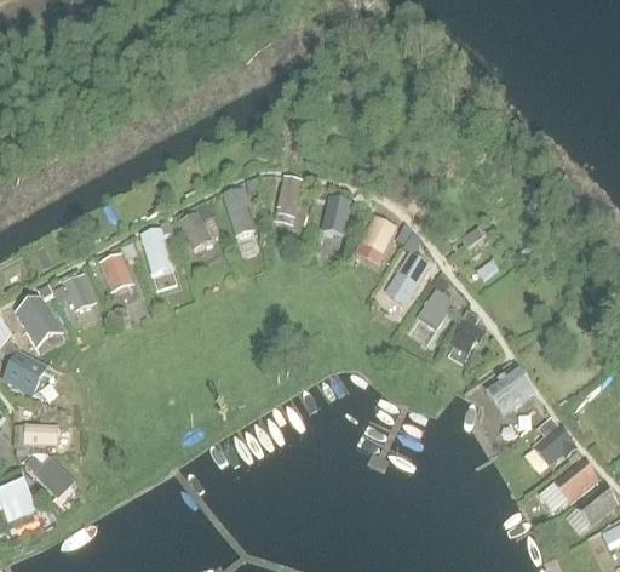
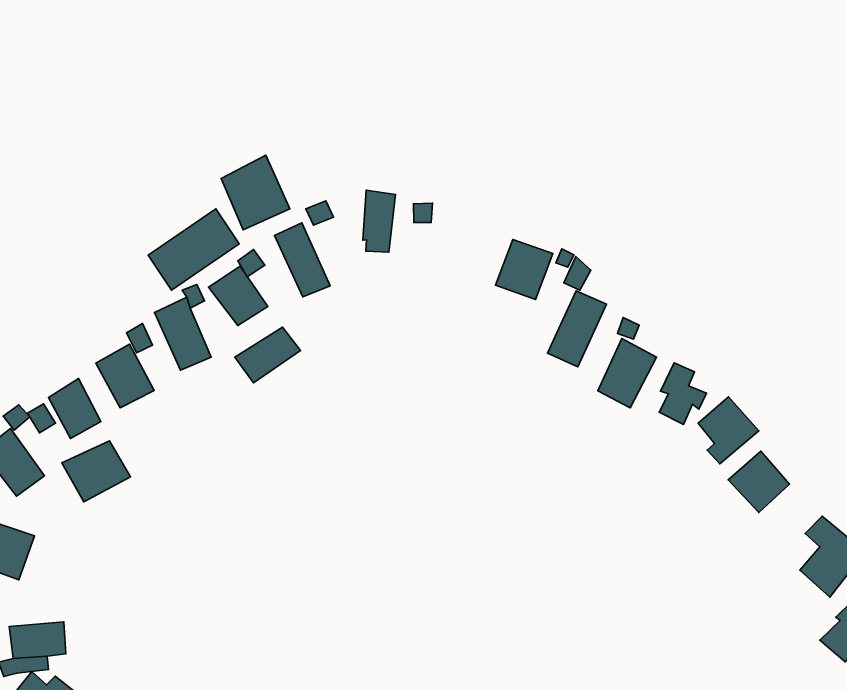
building: none -> [221,155,290,230]
building: none -> [148,209,239,290]
building: [320,196,352,236] -> none
building: none -> [235,327,300,383]
building: none -> [62,441,131,502]
building: none -> [698,397,759,464]

